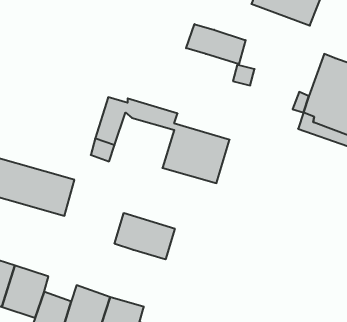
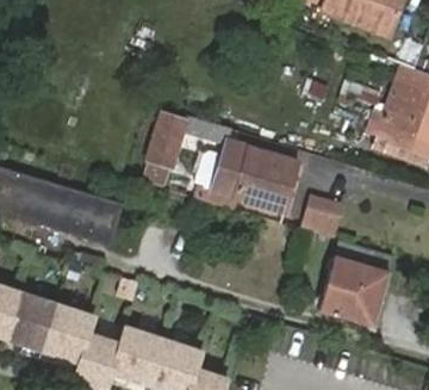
building: [186,24,246,64] -> none
building: none -> [299,193,344,237]
building: [115,213,175,259] -> none
building: none -> [318,256,390,327]

